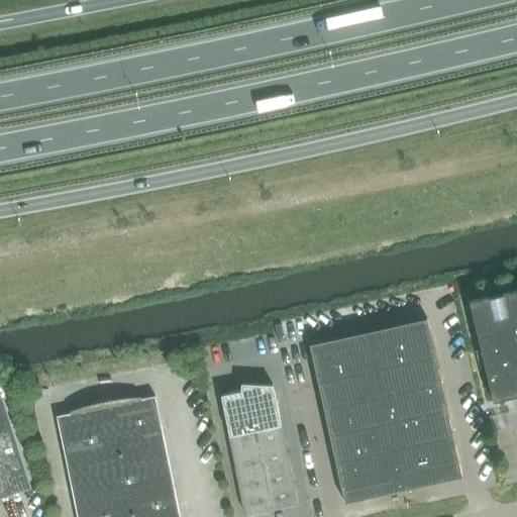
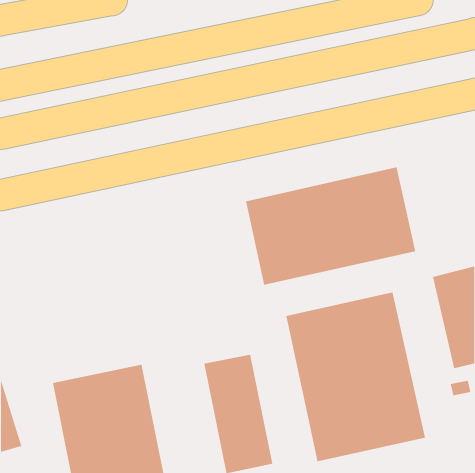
building: none -> [245,167,416,285]

